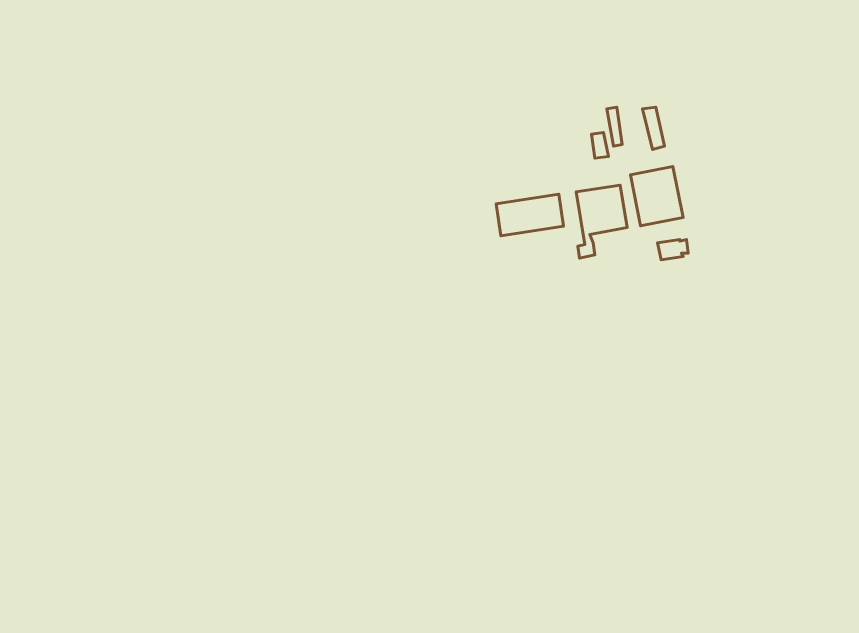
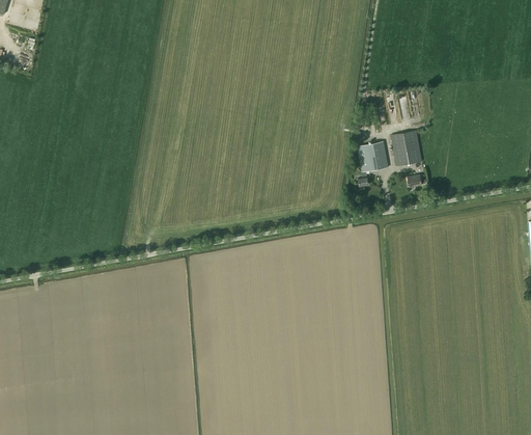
building: [496,194,564,236] -> none

